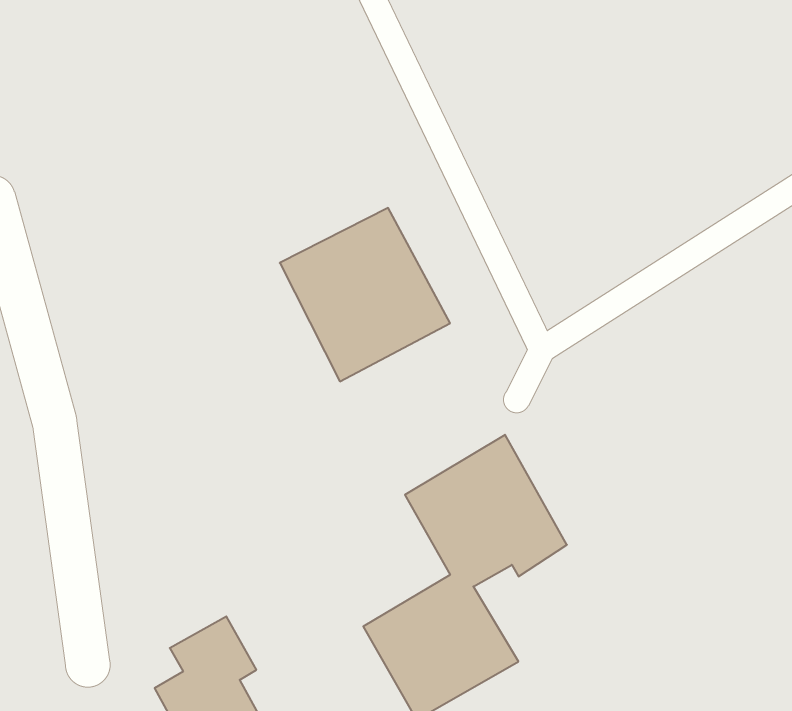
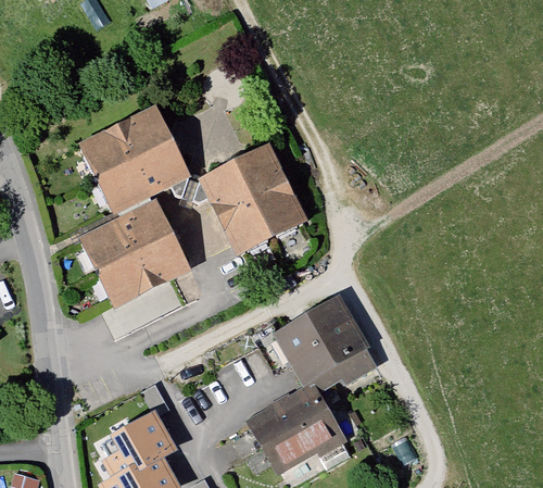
building: none -> [78,107,189,213]
building: none -> [77,199,190,309]

